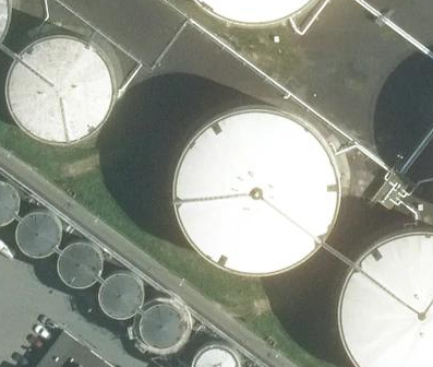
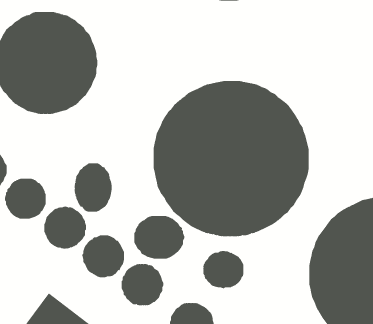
building: none -> [74,163,112,213]
building: none -> [134,215,185,260]
building: none -> [203,250,244,289]

